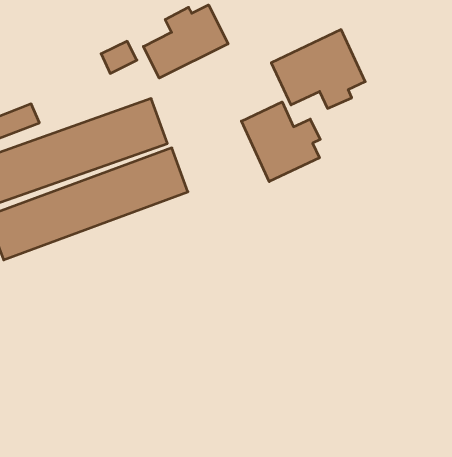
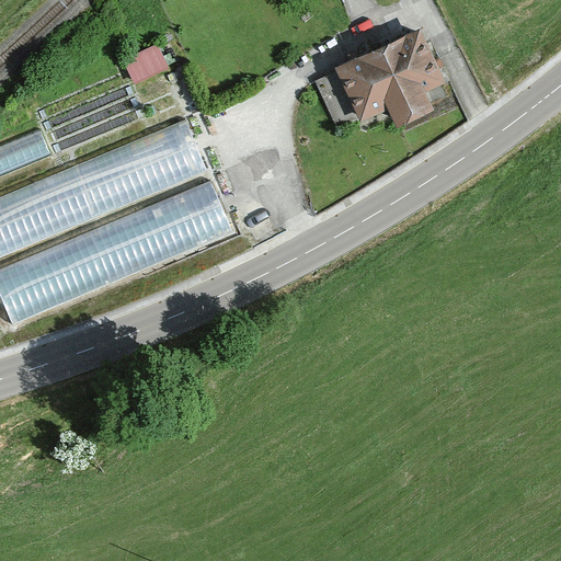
building: [143,5,228,78] -> none
building: [241,102,320,182] -> none

